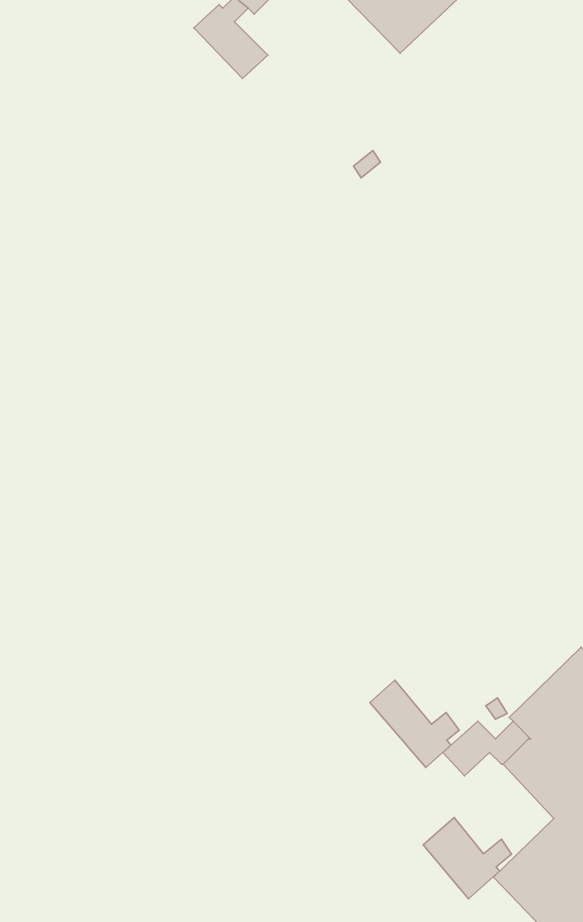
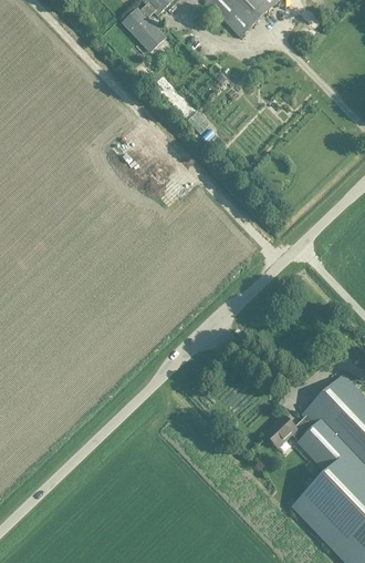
building: [370,680,459,768] -> none
building: [423,817,511,899] -> none

